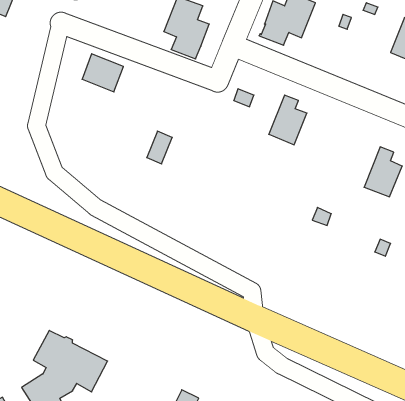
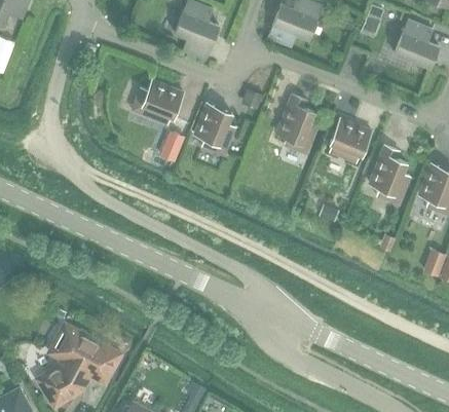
building: [82,54,123,92] -> [142,80,182,117]
building: none -> [194,104,234,146]
building: none -> [330,118,370,155]

